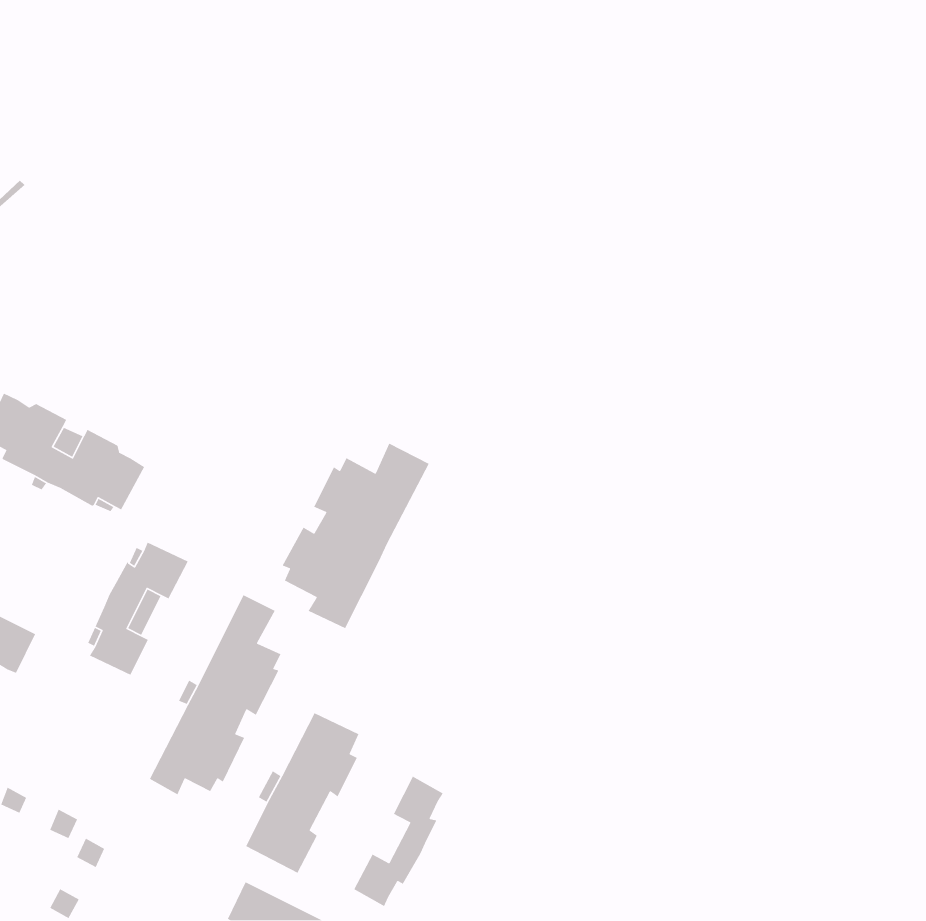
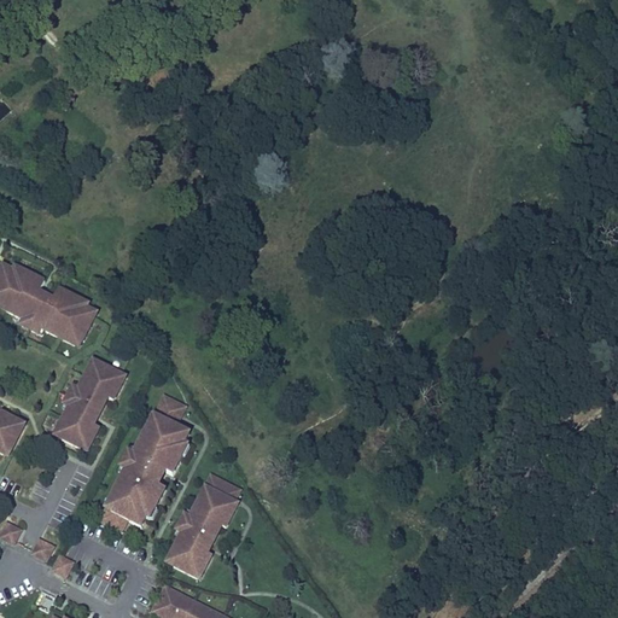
building: [281,442,430,629] -> none
building: [353,776,444,907] -> none

